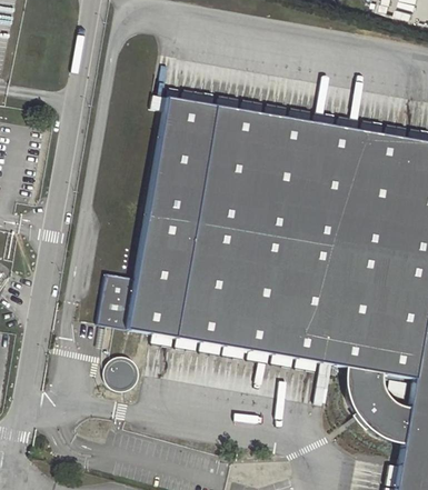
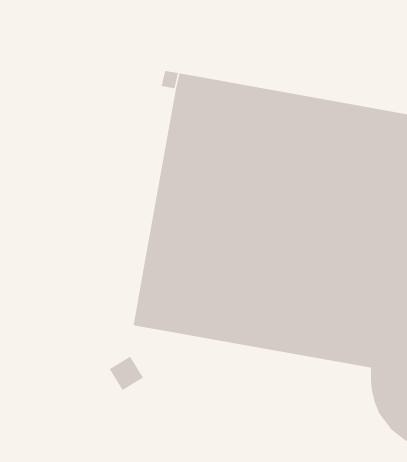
building: [102,272,141,329] -> none

